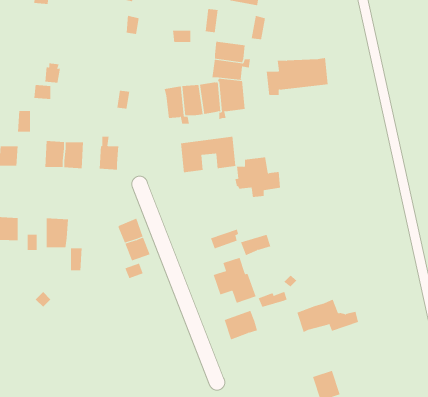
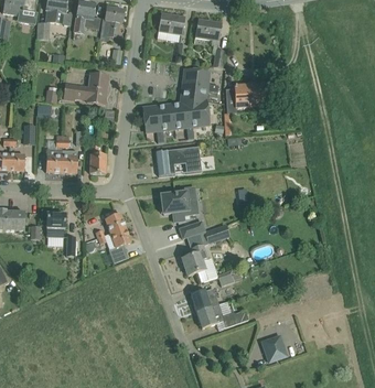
building: none -> [64,72,107,103]
building: [235,157,281,197] -> [160,186,197,219]
building: [296,299,359,333] -> [196,300,247,327]

